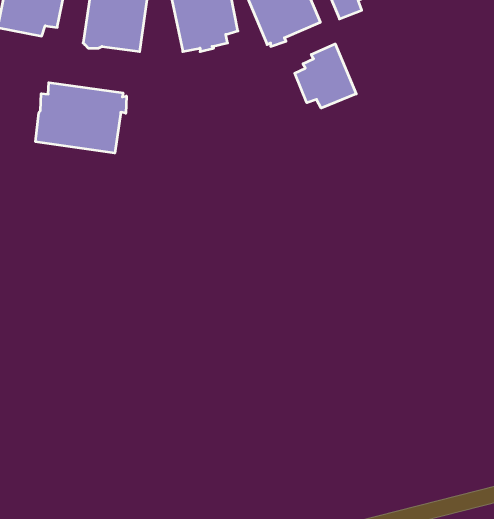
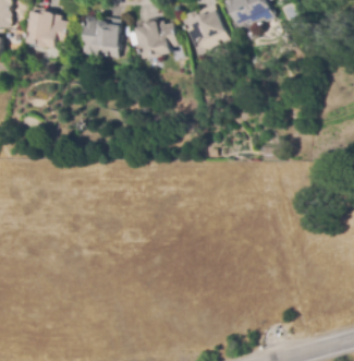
building: [295,44,356,108] -> none
building: [36,83,126,153] -> none

